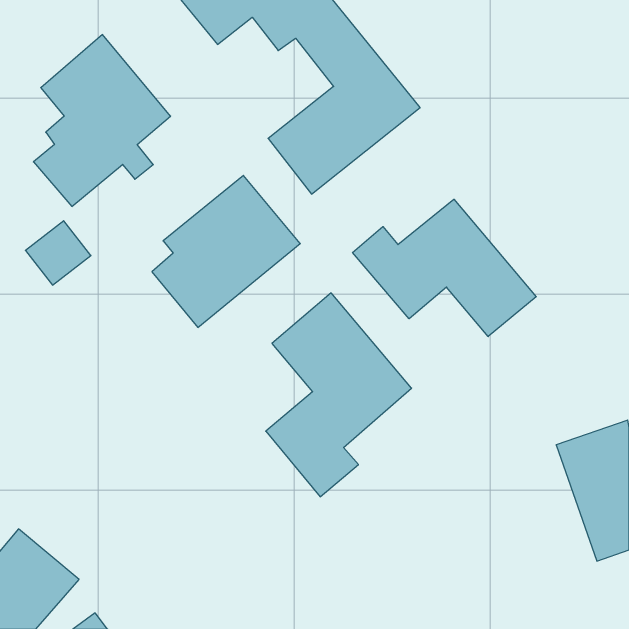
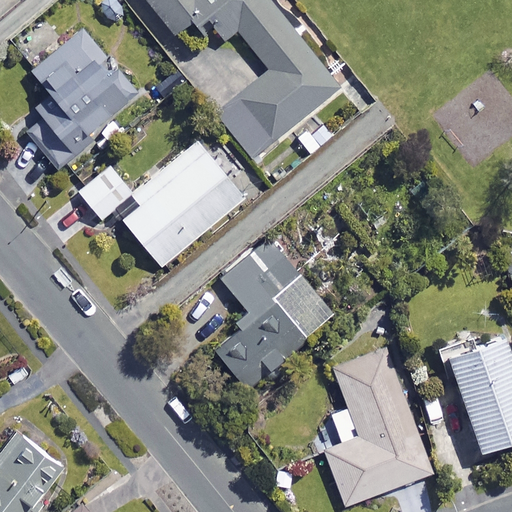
building: [353,199,536,337] -> none
building: [25,221,91,285] -> [79,166,132,218]
building: none -> [325,348,430,503]

